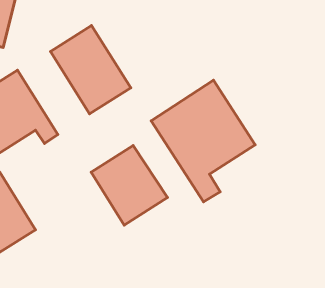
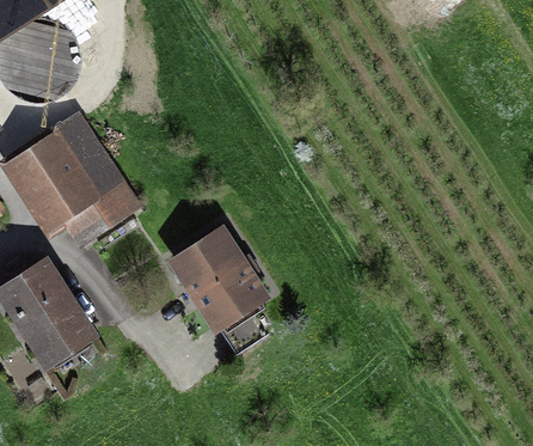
building: [50,26,131,114] -> none
building: [151,80,255,202] -> none

